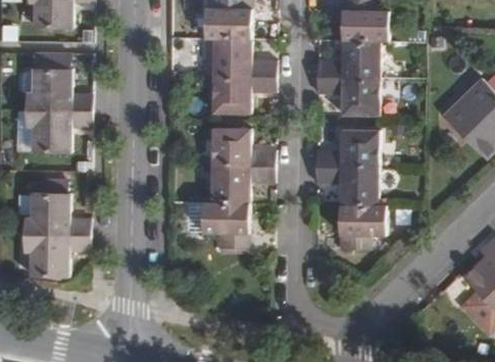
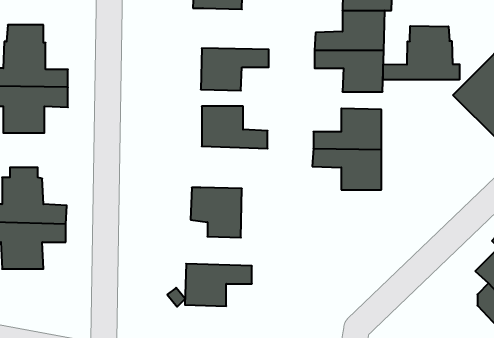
building: [213,38,275,76] -> none
building: none -> [383,26,460,80]
building: [212,165,274,203] -> [185,264,252,306]
building: [340,205,386,251] -> none

